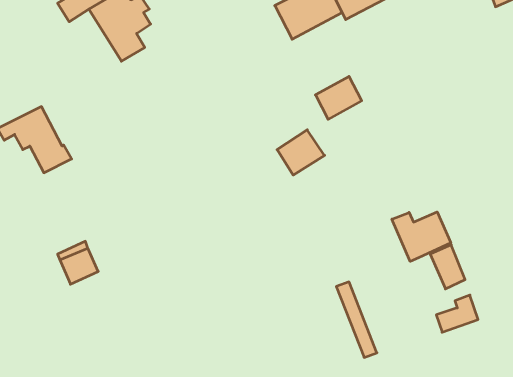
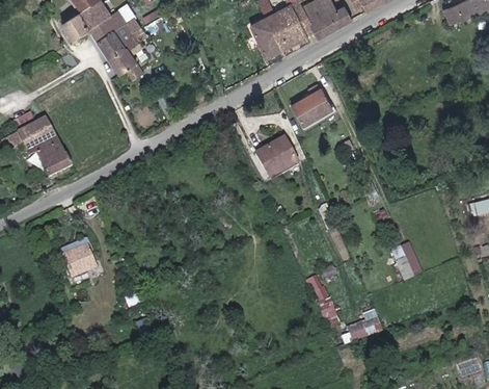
building: [392,212,451,261] -> none
building: [436,295,478,332] -> [347,308,384,341]

